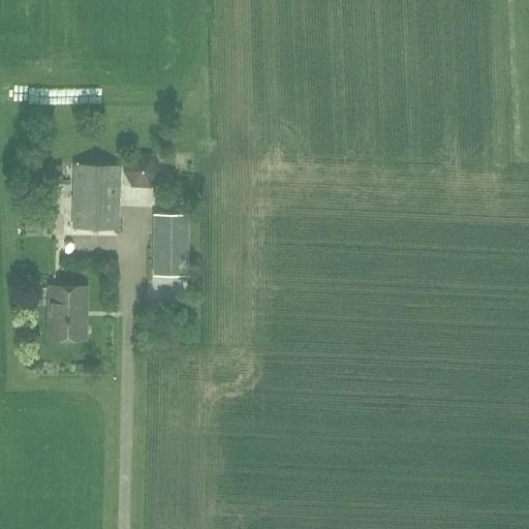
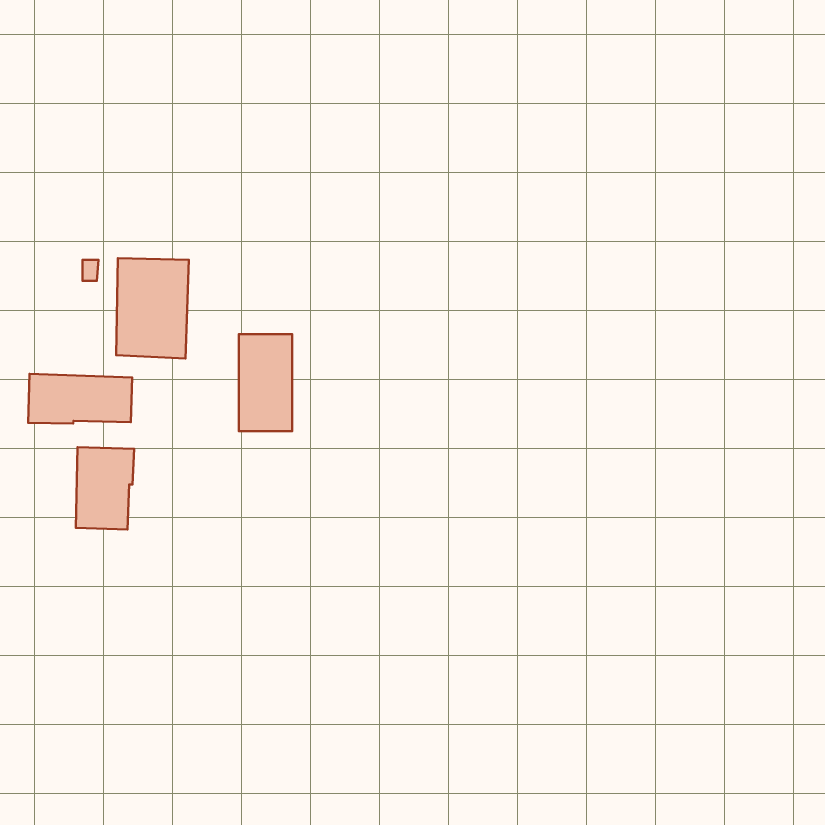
building: [121,154,162,188] -> none
building: none -> [28,374,132,424]

